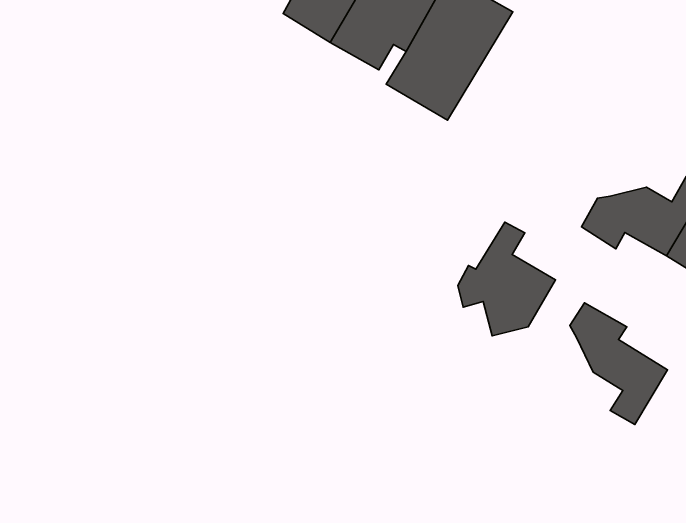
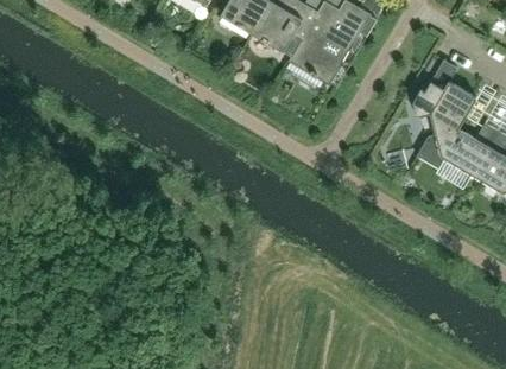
building: [458,222,555,336] -> [413,59,477,134]
building: [570,303,667,425] -> none

